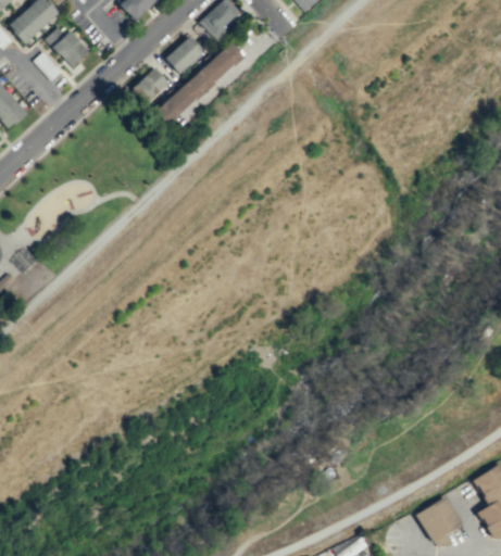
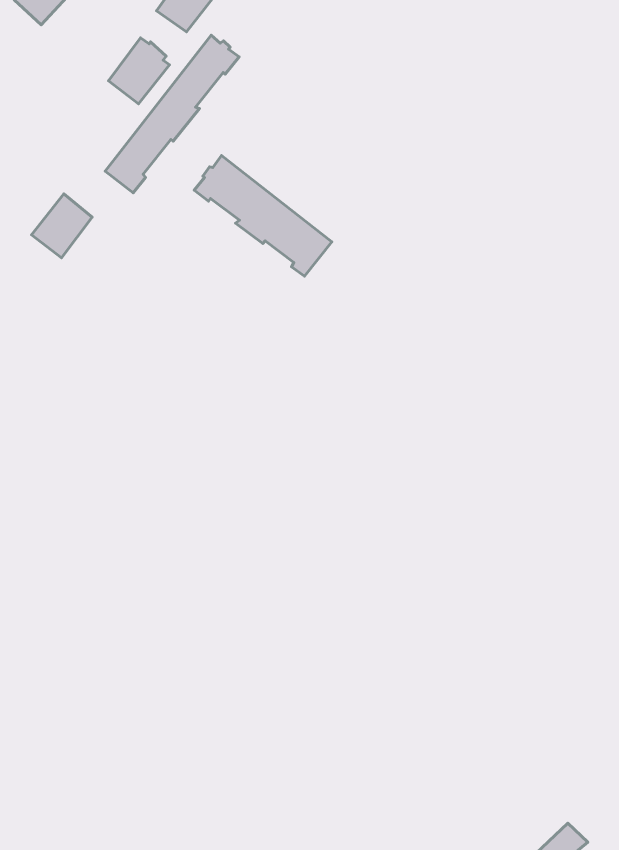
building: [135,67,172,104] -> [32,194,92,258]
building: none -> [194,156,332,276]

